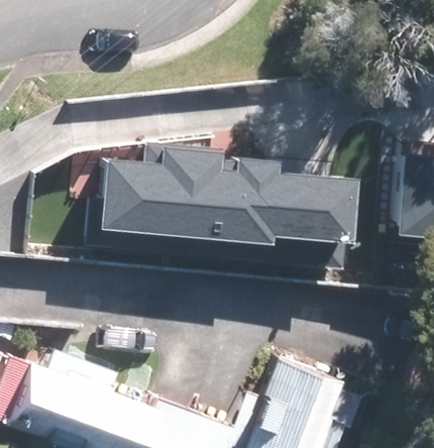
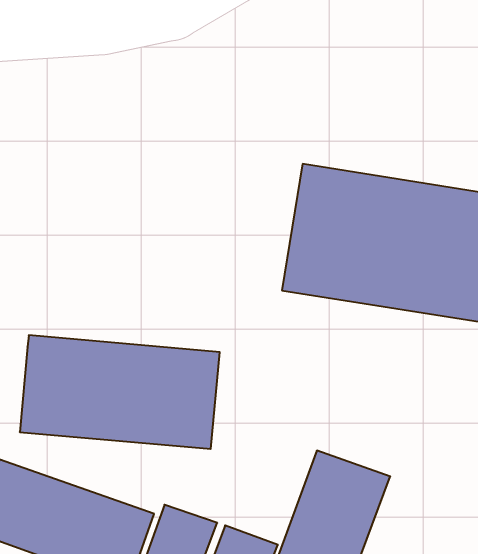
building: [69,167,225,256] -> [20,335,220,449]

